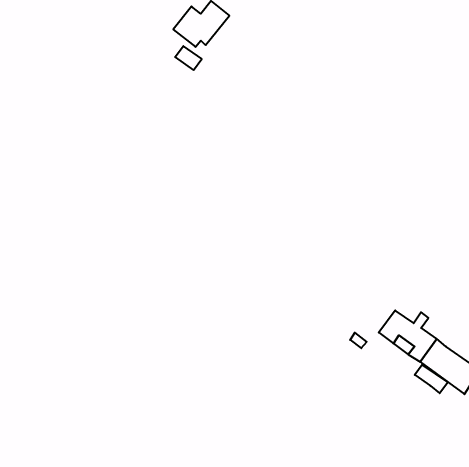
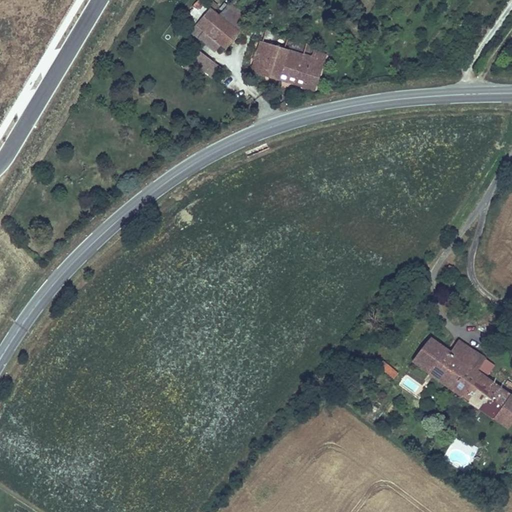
building: none -> [250,39,326,89]
building: [415,365,448,393] -> [459,345,495,376]

